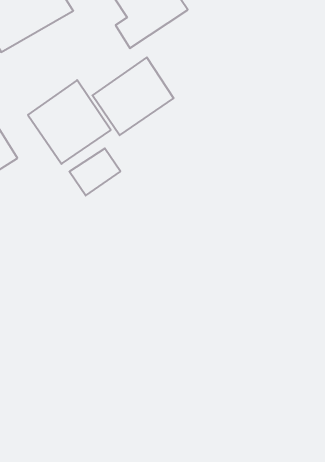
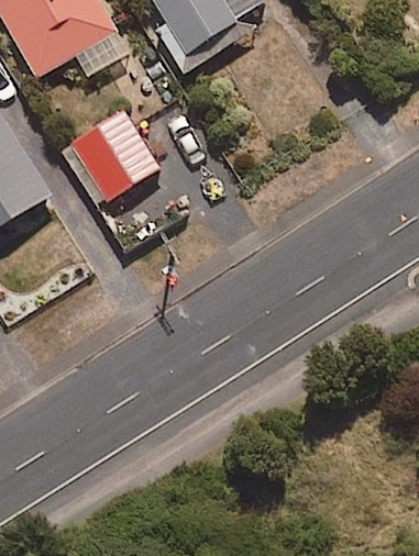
building: [92,57,174,135] -> none

